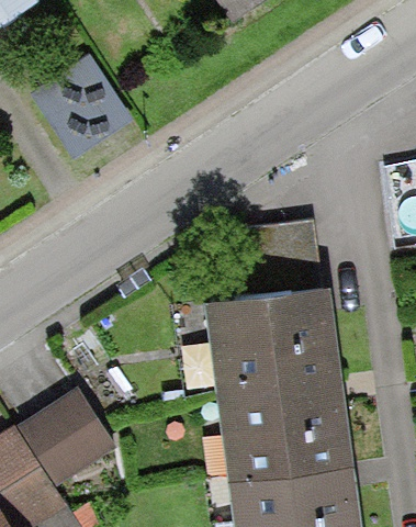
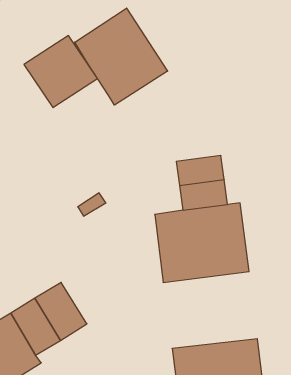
building: none -> [75,8,168,105]
building: [223,375,348,478] -> none

